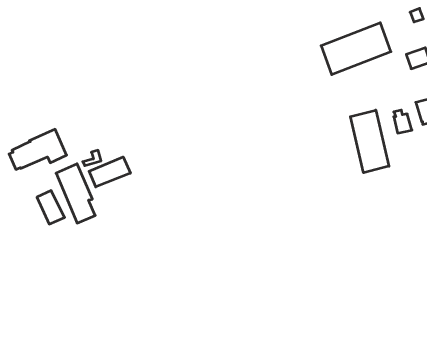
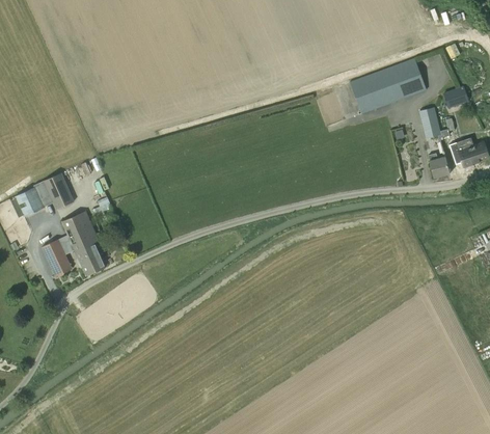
building: none -> [418,107,440,138]
building: [350,110,389,173] -> none
building: [89,157,130,187] -> none

